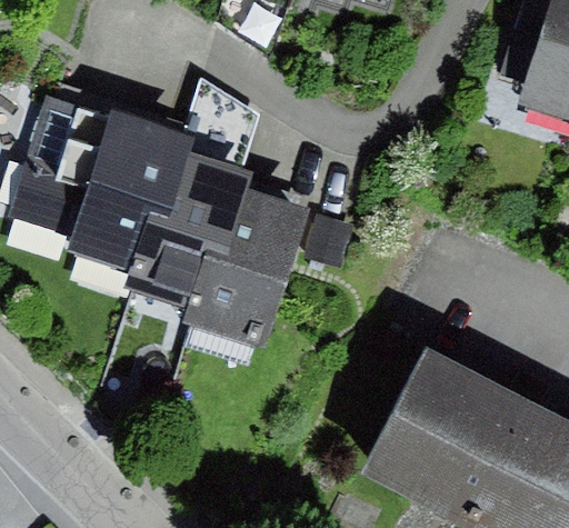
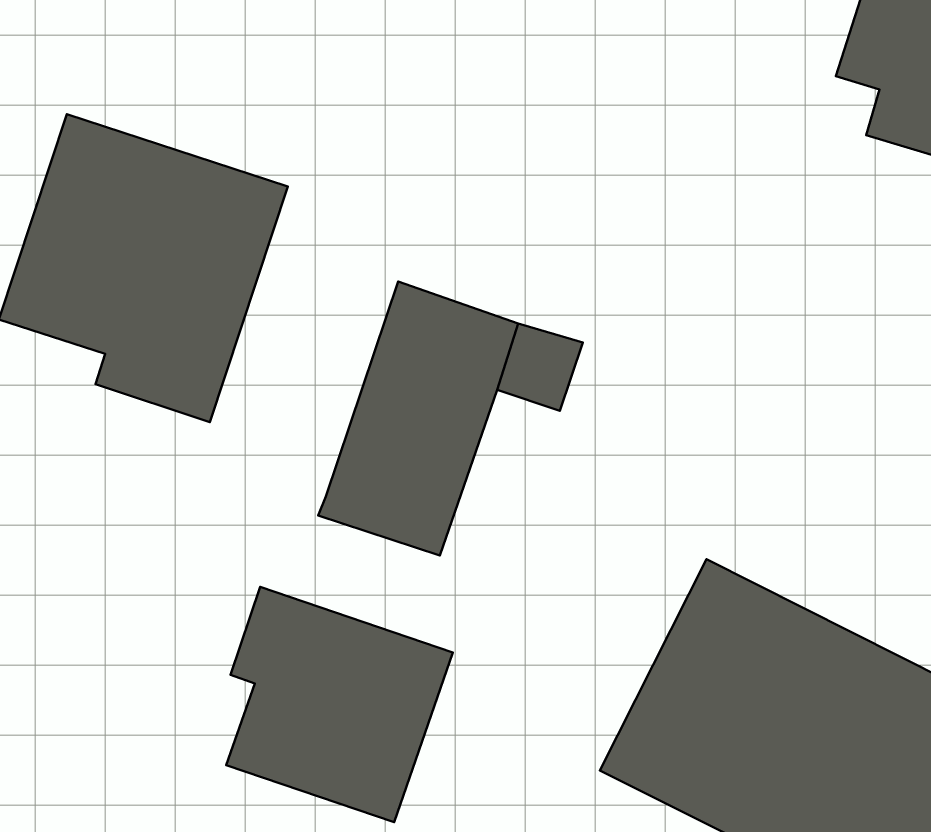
building: [130,135,251,316] -> none
building: none -> [226,587,453,822]

